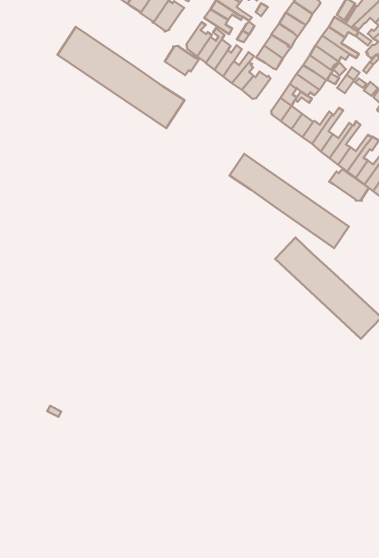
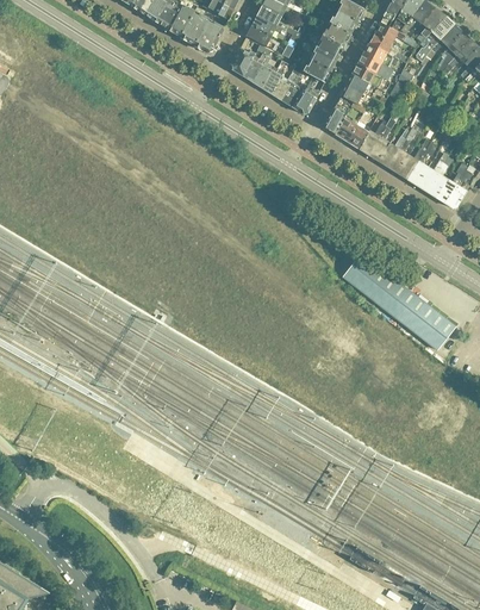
building: [58,27,184,128] -> none
building: [165,46,199,75] -> none
building: [230,154,349,248] -> none
building: [329,169,369,201] -> none

